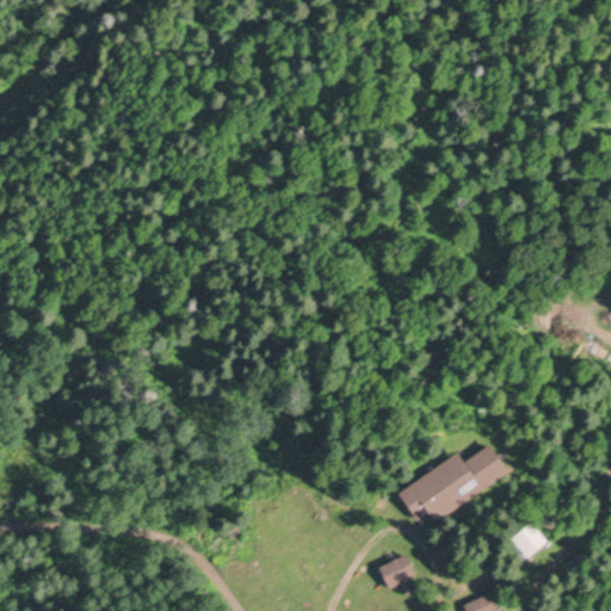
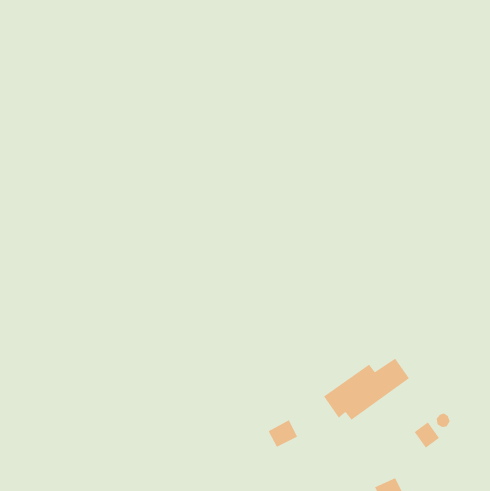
building: [378,555,415,590] -> [268,419,298,447]

